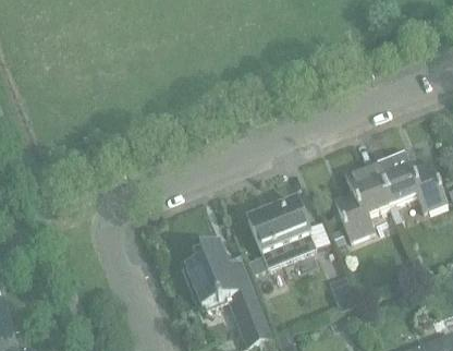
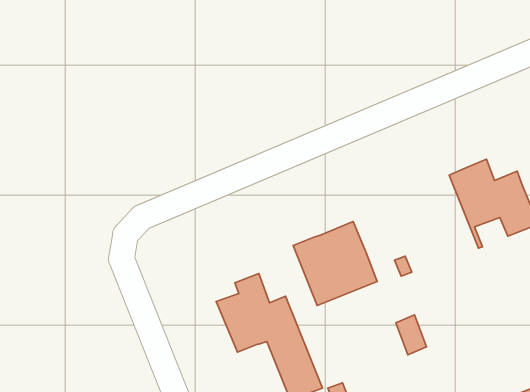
building: [332,160,399,240] -> none

